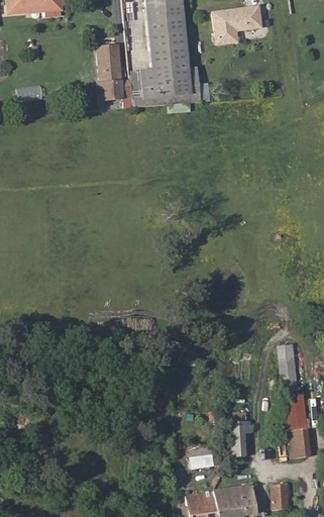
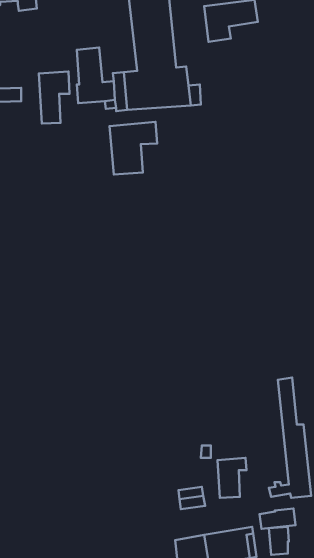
building: none -> [39,72,70,124]
building: none -> [109,122,157,175]
building: none -> [260,509,296,529]

